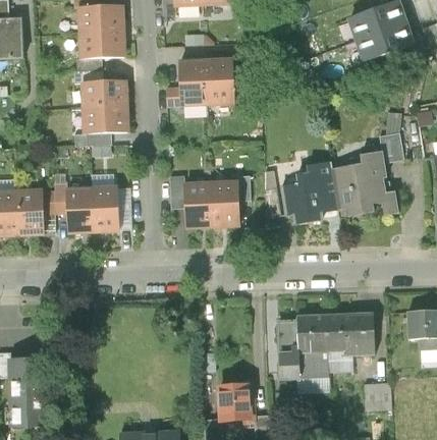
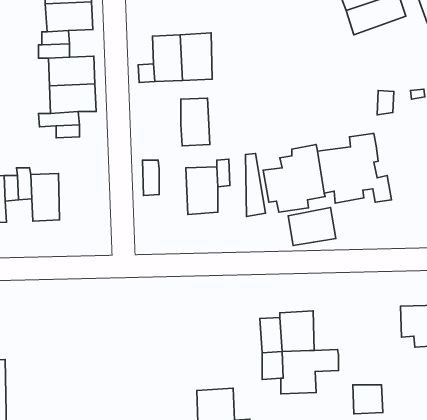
building: [378,131,403,162] -> none
building: [184,182,211,226] -> [181,98,210,146]
building: [92,186,118,230] -> none
building: none -> [288,208,336,245]
building: [326,313,374,354] -> none

